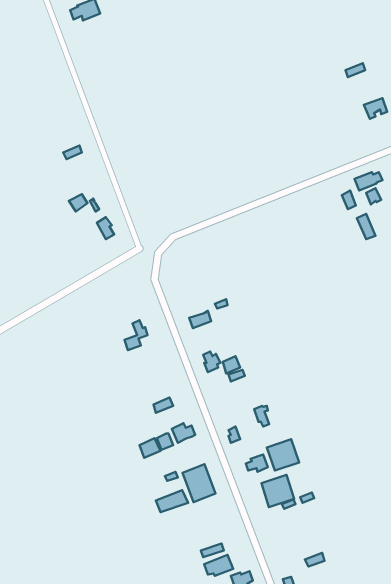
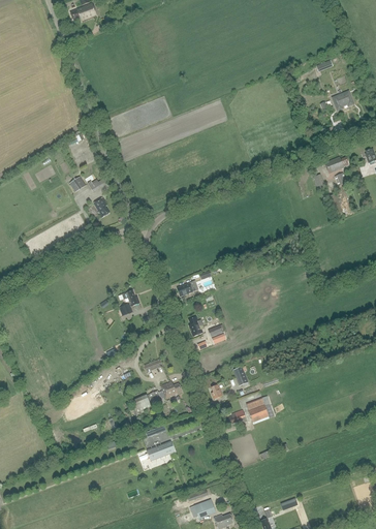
building: [182,464,216,502] -> none
building: [261,475,294,507] -> none

